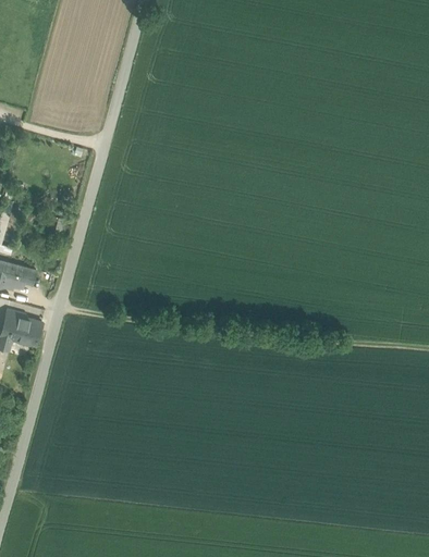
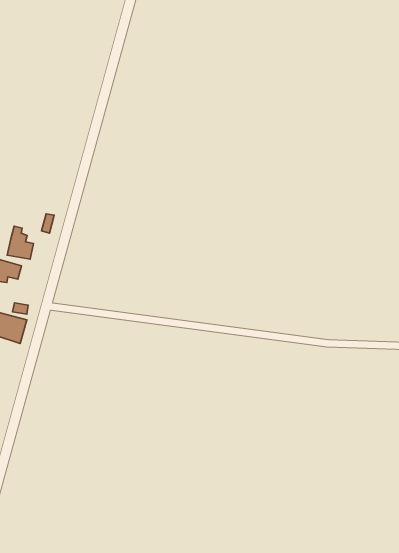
building: none -> [7,226,34,259]

